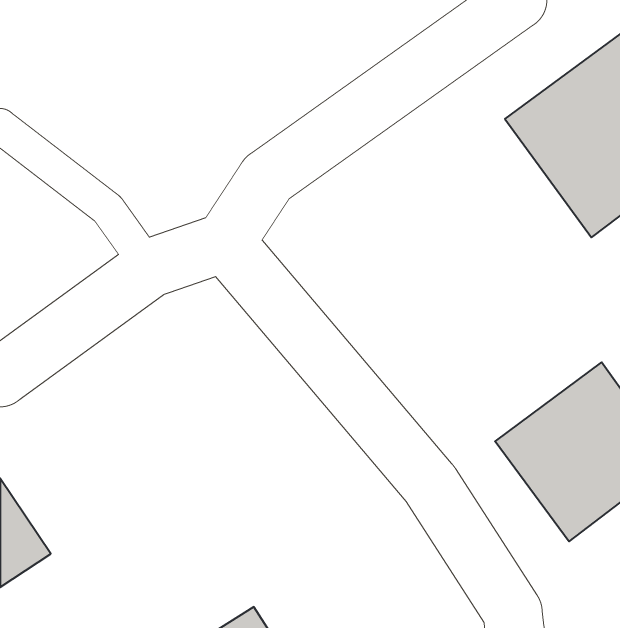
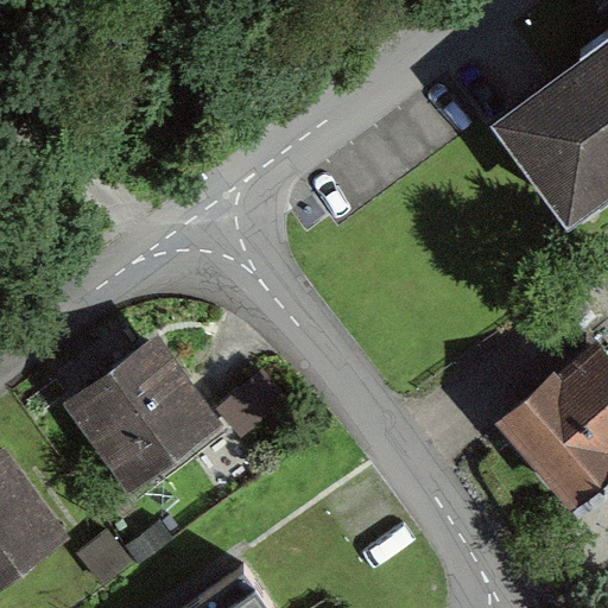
building: none -> [66,340,222,495]

